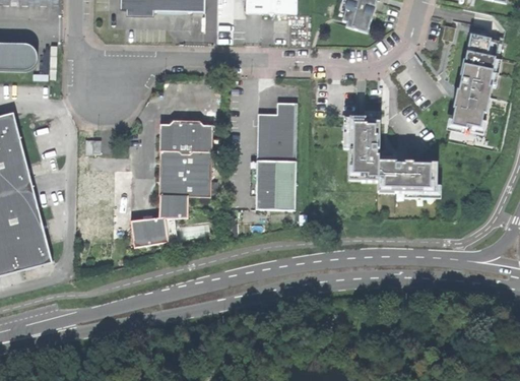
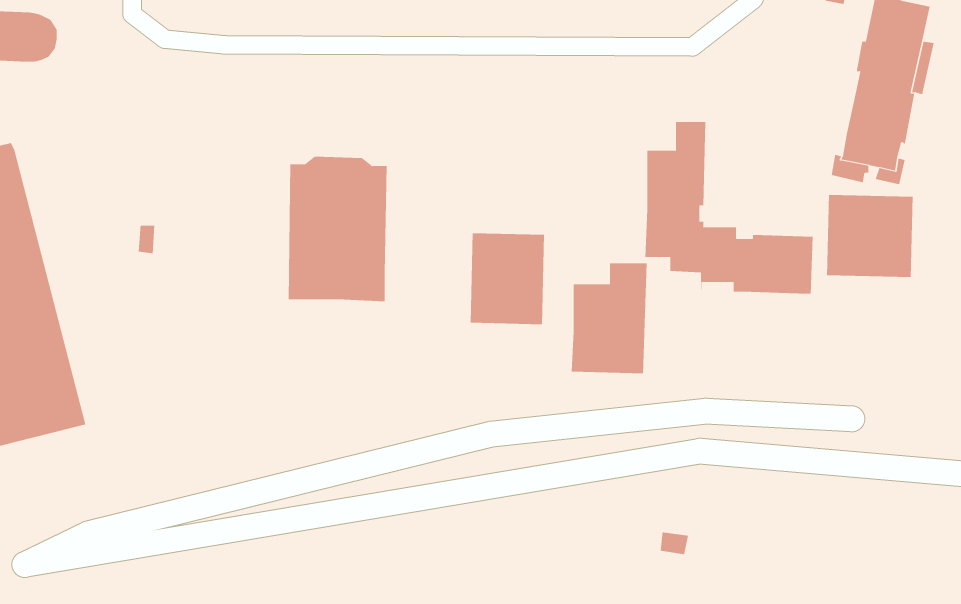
building: [256,102,297,161] -> [571,263,648,374]
building: none -> [826,194,913,278]
building: [131,195,188,246] -> none

